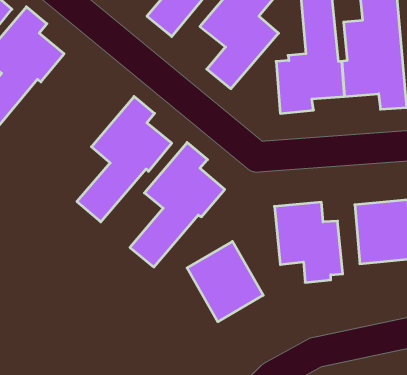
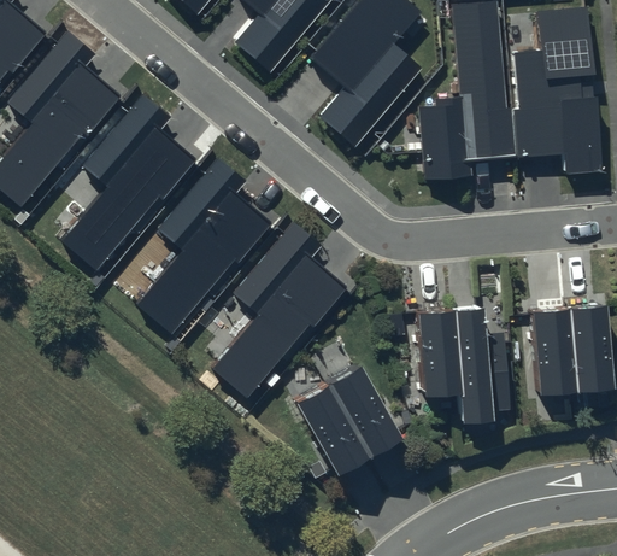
building: none -> [63,94,196,270]

